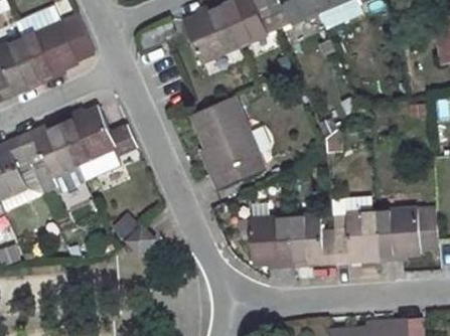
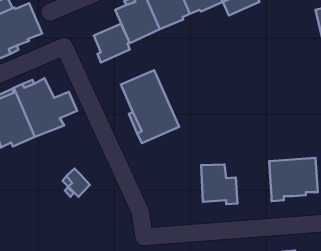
building: none -> [94,24,130,62]
building: [335,209,380,262] -> none
building: [251,214,295,266] -> none

